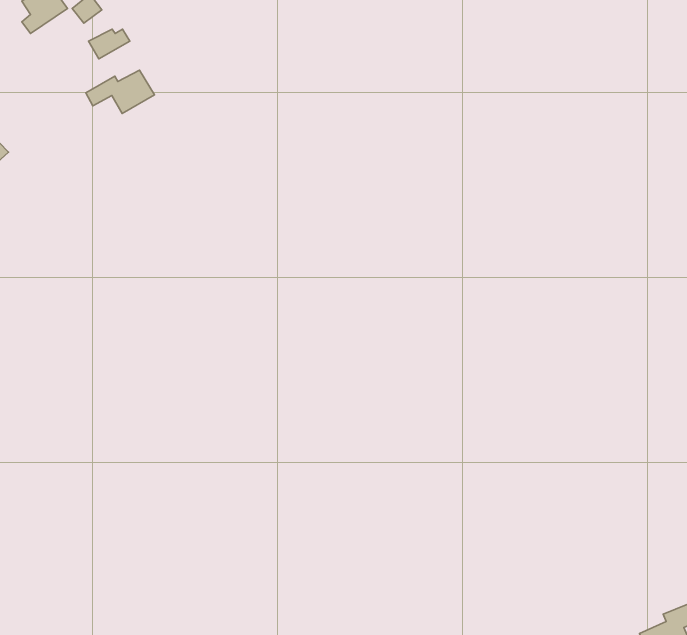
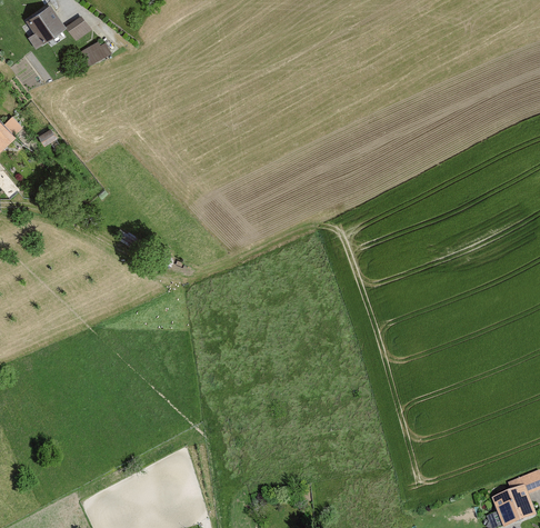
building: [86,70,154,114] -> none

